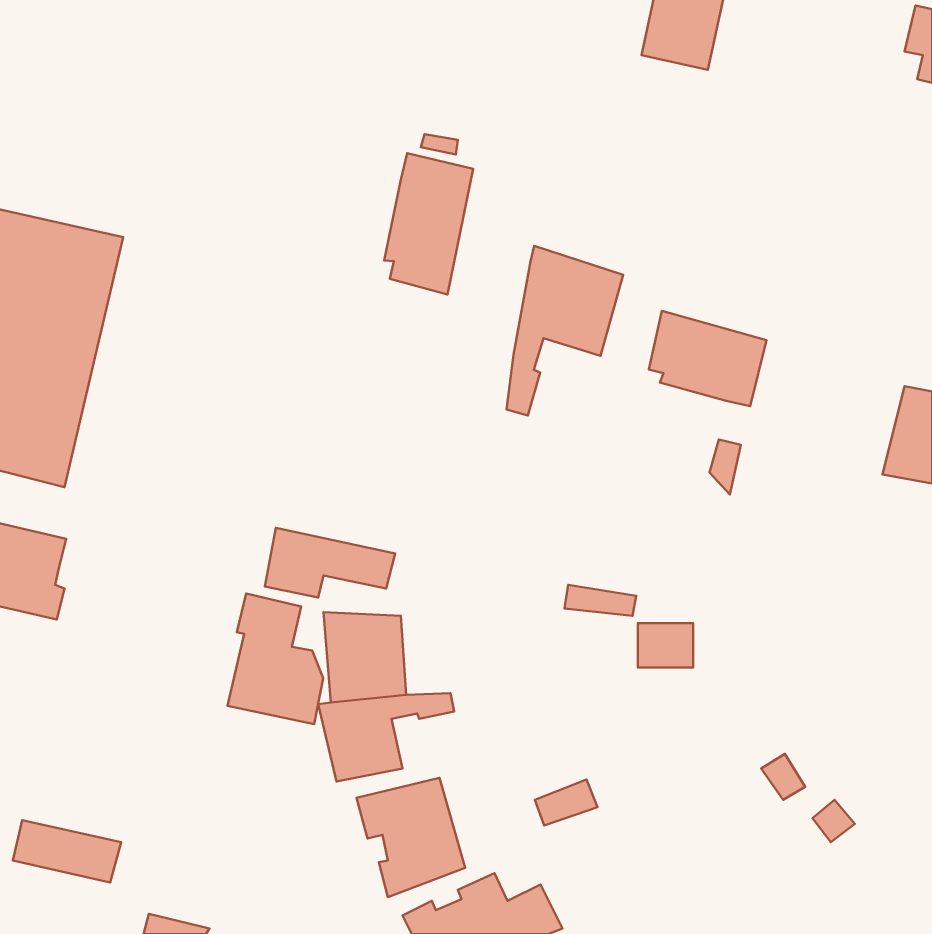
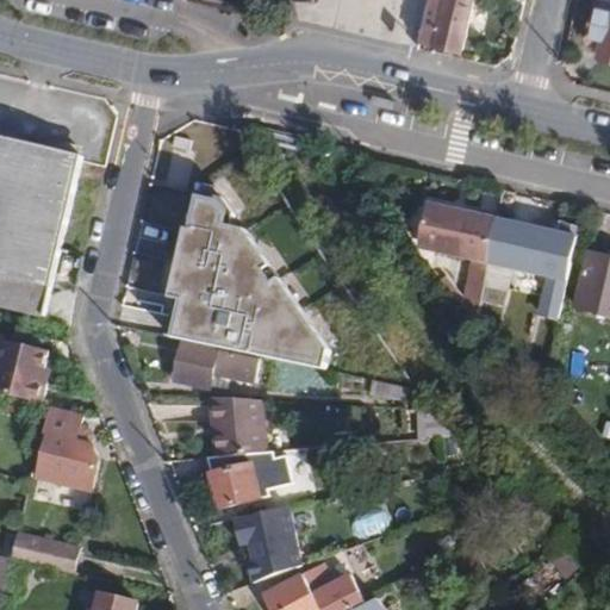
building: [384,153,473,295] -> none
building: [506,246,623,415] -> none
building: none -> [172,197,331,371]
building: none -> [486,216,579,318]
building: [228,594,323,724] -> [33,404,95,488]

